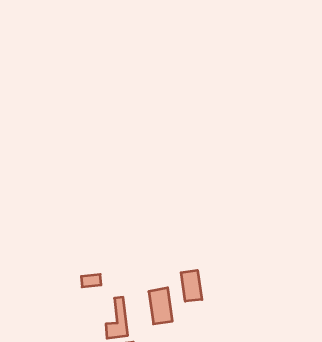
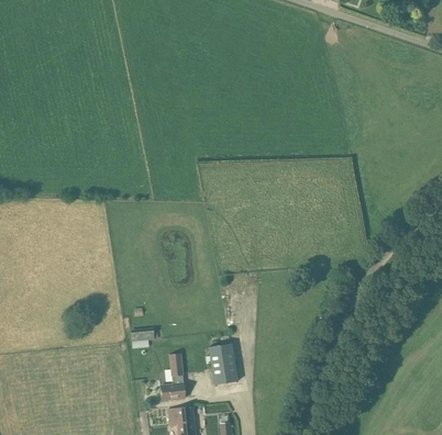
building: [181,270,202,301] -> none

